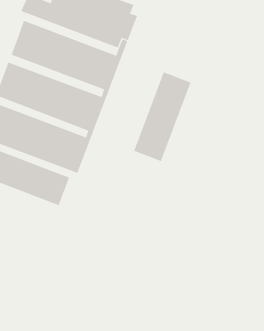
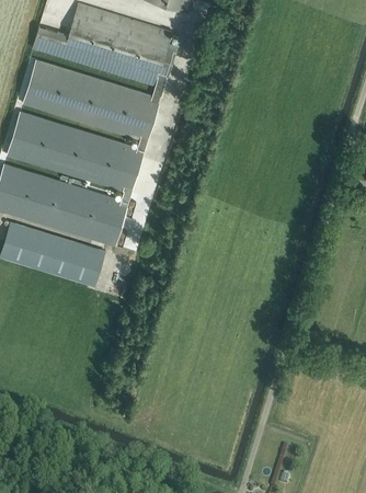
building: [133,71,191,162] -> none

